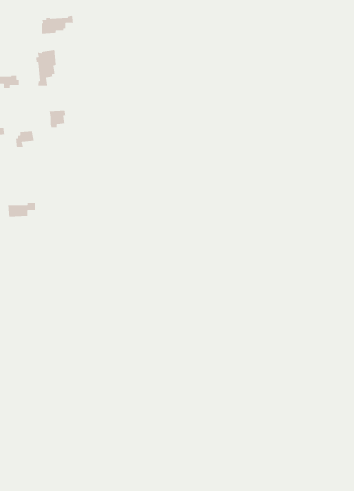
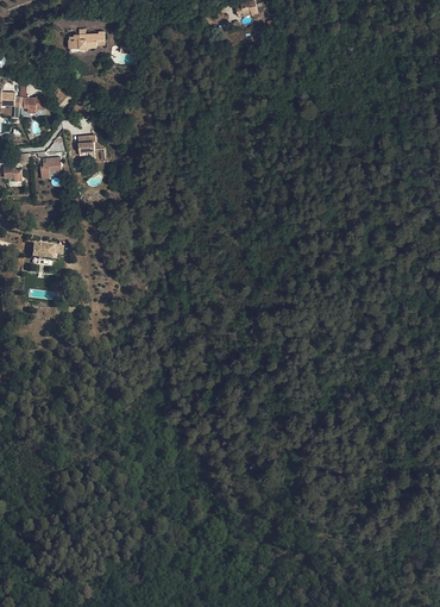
building: [35,49,57,87] -> none

